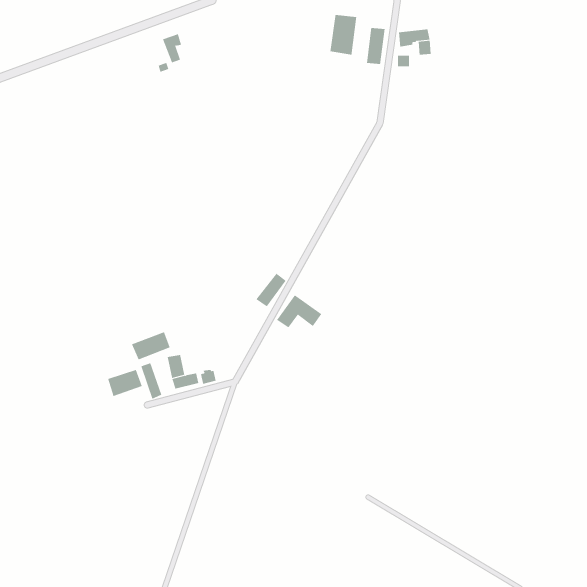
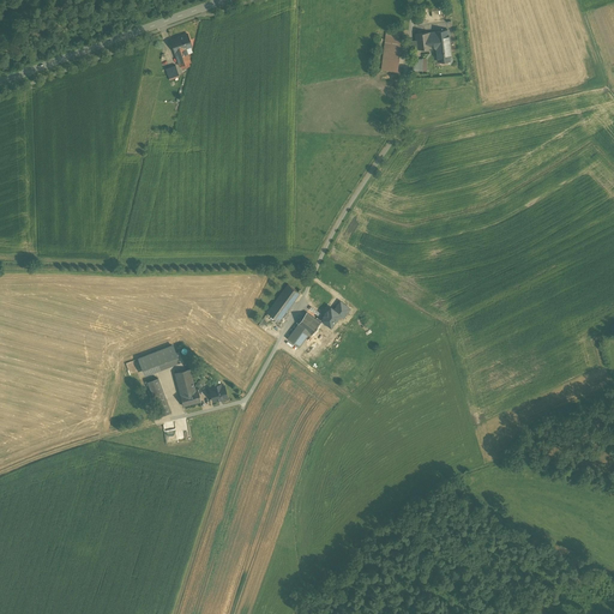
building: [330,14,357,55] -> none
building: [108,369,143,397] -> none

